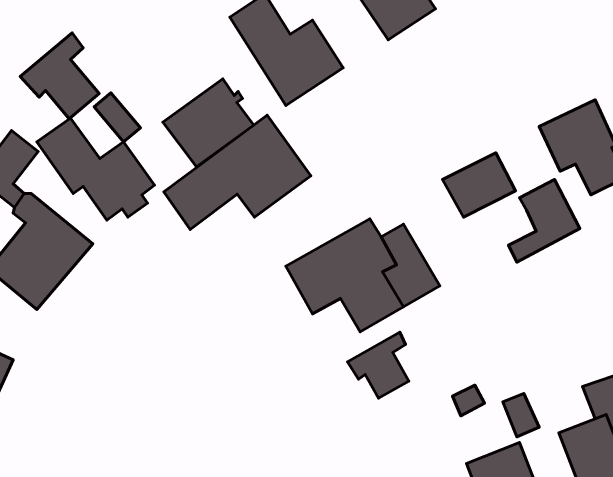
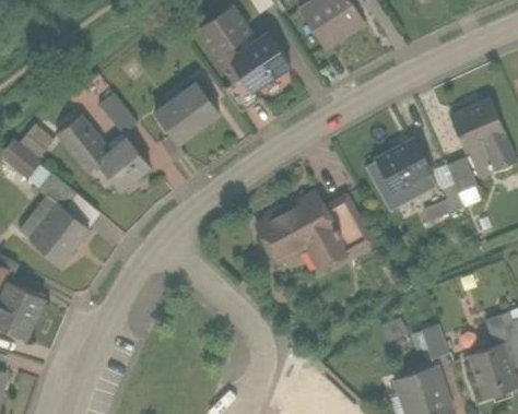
building: [20,33,99,119] -> none
building: [164,115,311,230] -> none
building: none -> [363,158,438,209]
building: [348,332,409,398] -> none

